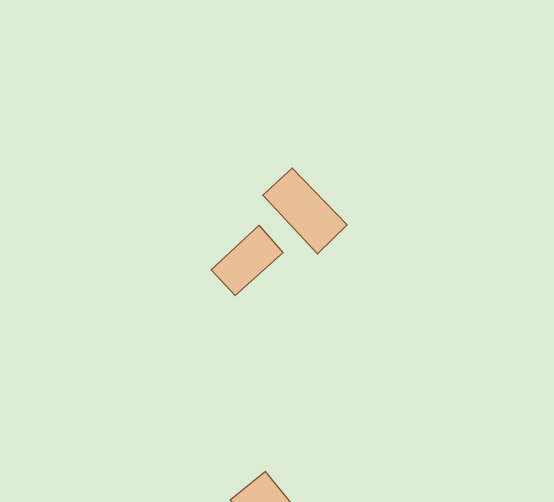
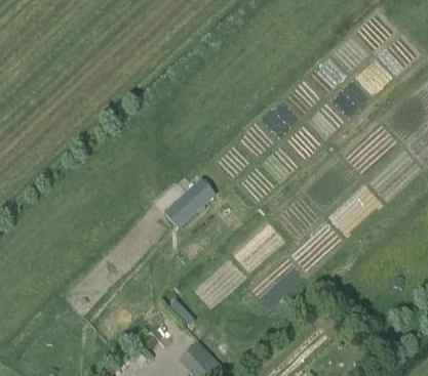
building: [263,168,347,254] -> none

